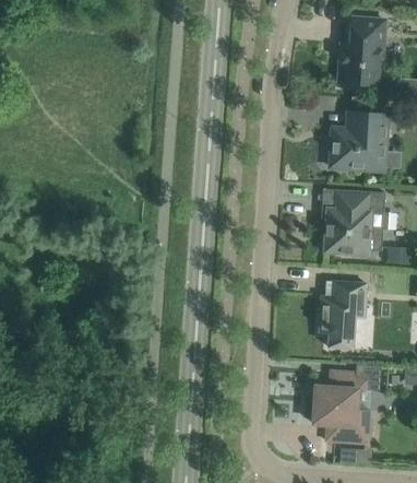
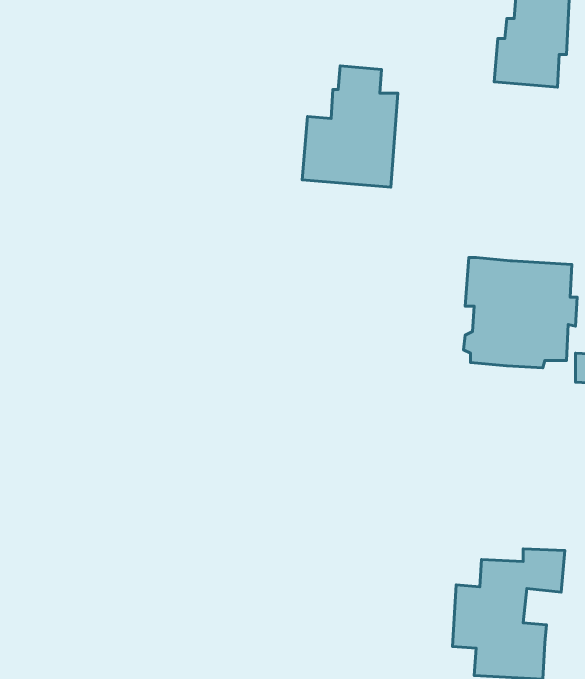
building: [330,97,388,170] -> [302,66,398,187]
building: [319,281,367,347] -> none

